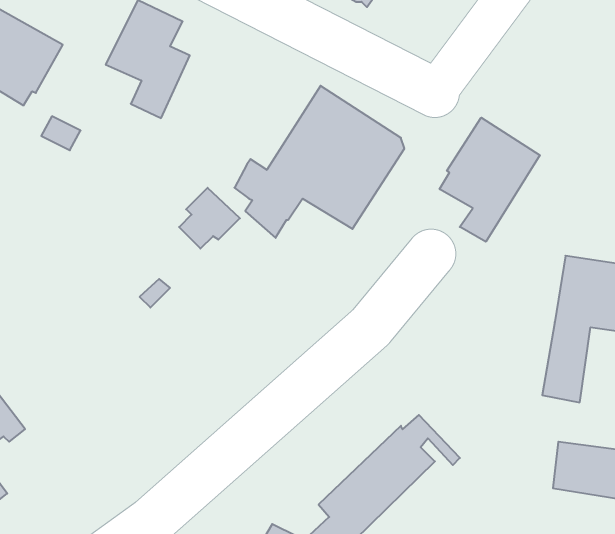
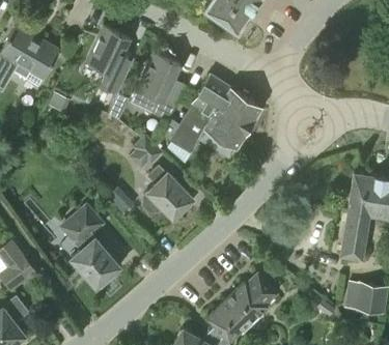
building: none -> [132,52,186,121]
building: [440,118,540,242] -> none
building: none -> [142,165,192,219]
building: none -> [59,203,119,288]

